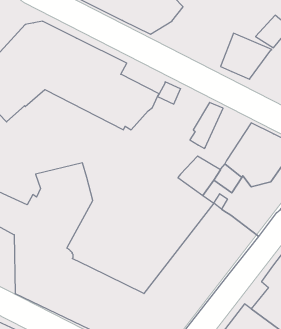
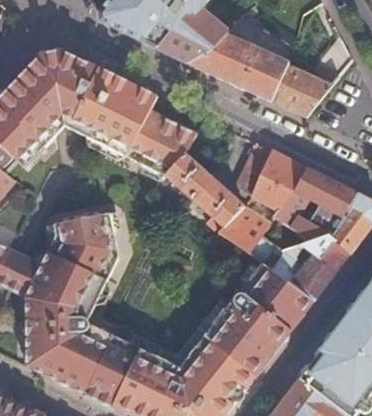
building: none -> [188,30,286,100]
building: none -> [251,149,306,210]
building: none -> [165,152,243,227]

